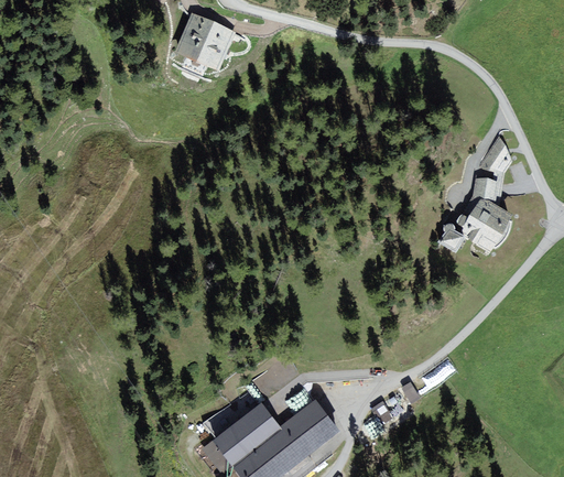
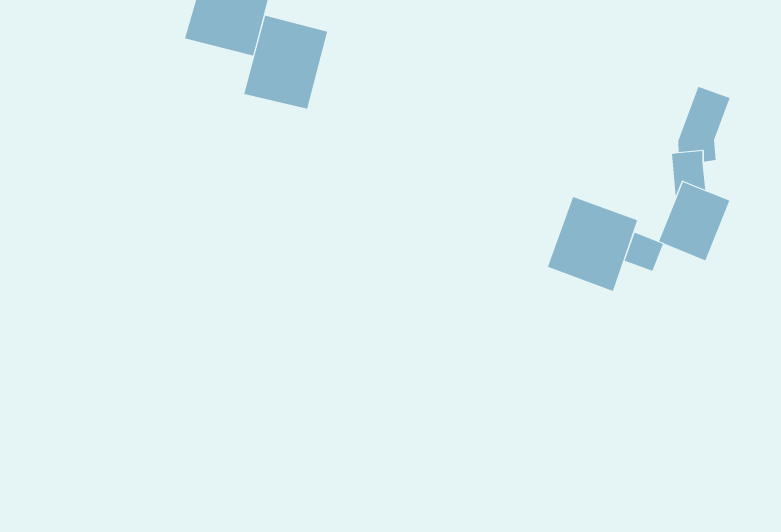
building: none -> [244,15,328,109]
building: none -> [547,196,638,292]

